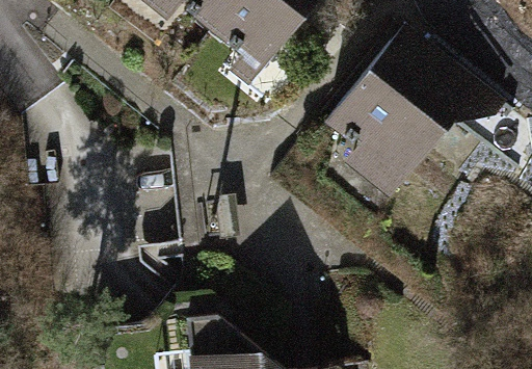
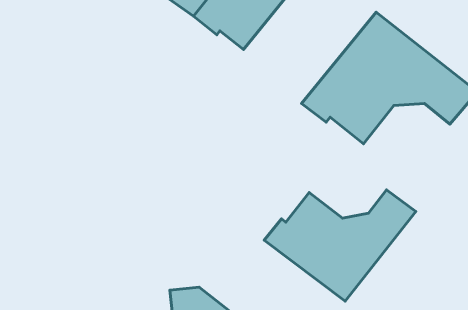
building: none -> [264,190,416,301]

